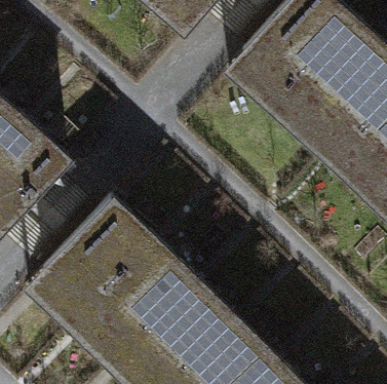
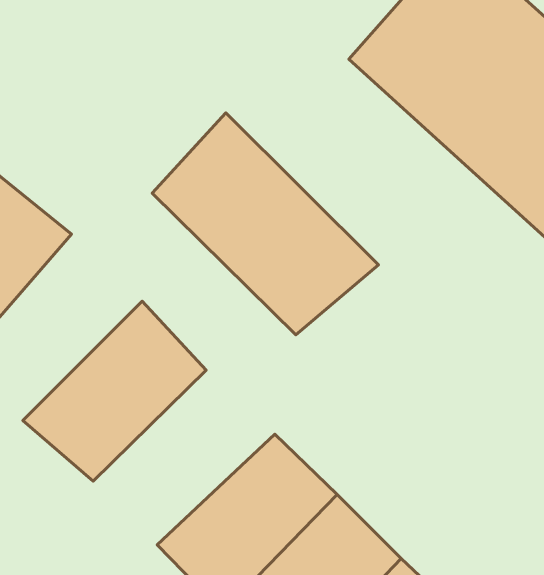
building: none -> [152,113,378,335]
building: [75,246,186,353] -> none

